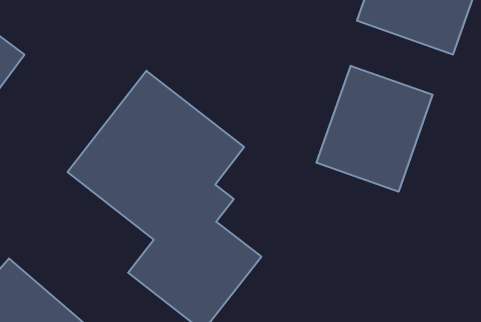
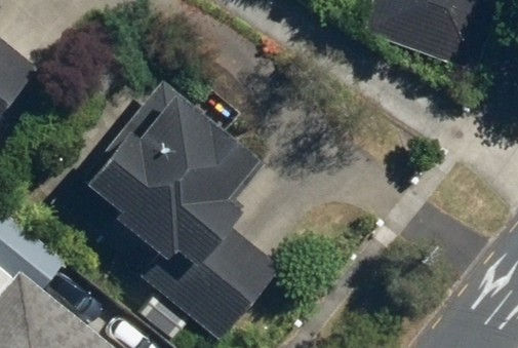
building: [317,66,433,192] -> none

